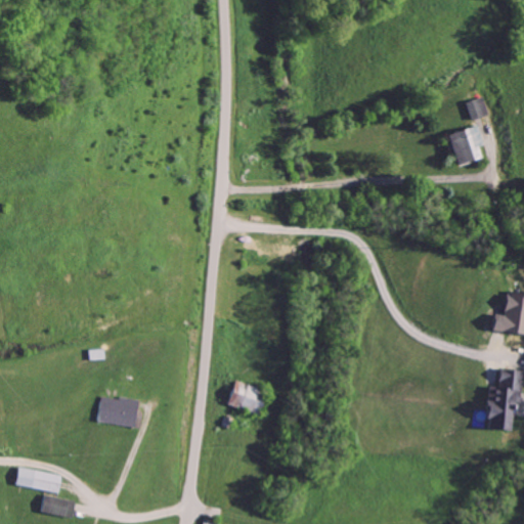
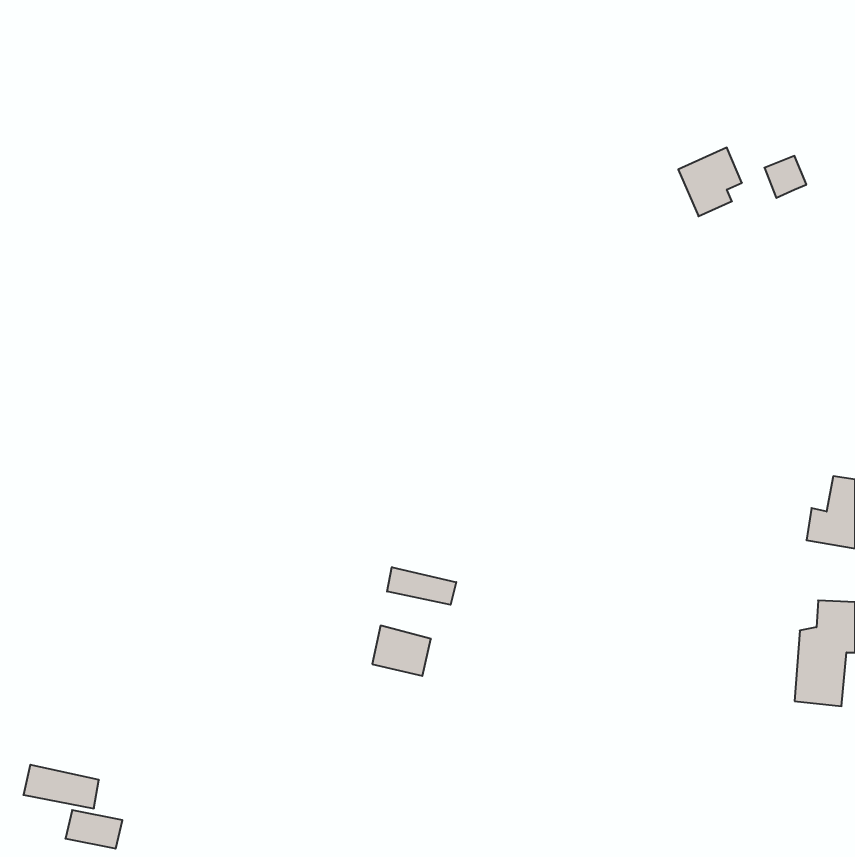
building: [450,124,489,166] -> [678,148,742,216]
building: none -> [387,567,456,605]
building: [97,396,141,427] -> none

